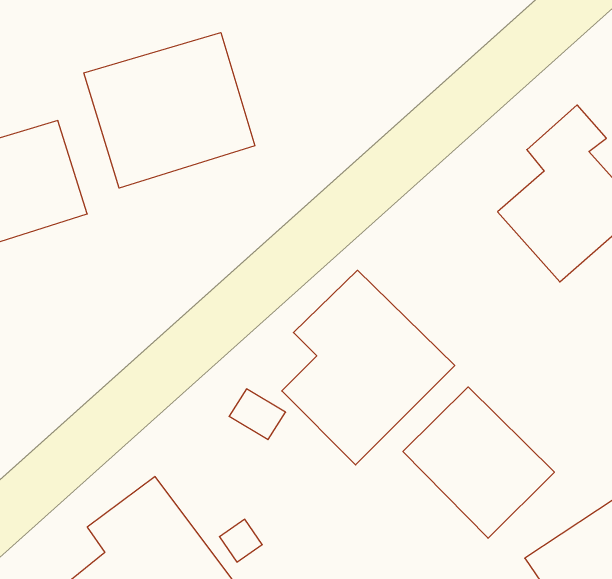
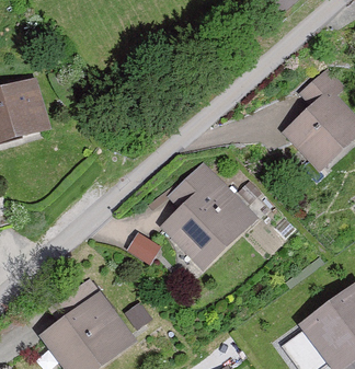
building: [84,33,255,188] -> none
building: [403,387,554,538] -> none

